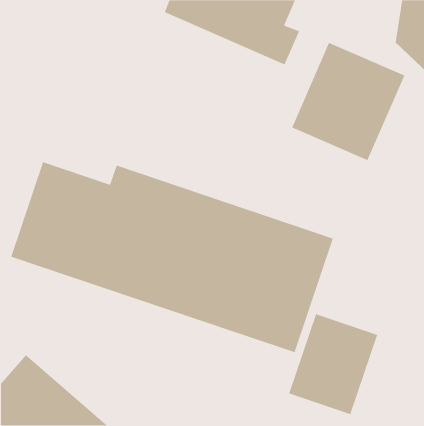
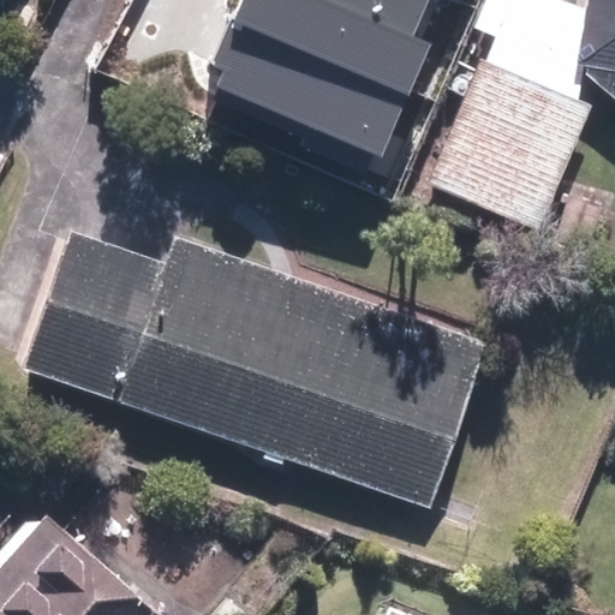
building: none -> [214,16,410,156]
building: [288,313,378,415] -> none

